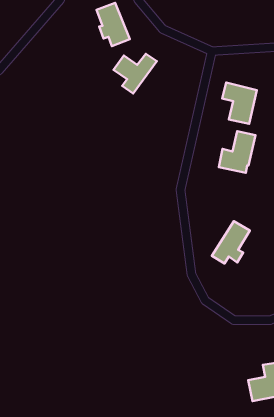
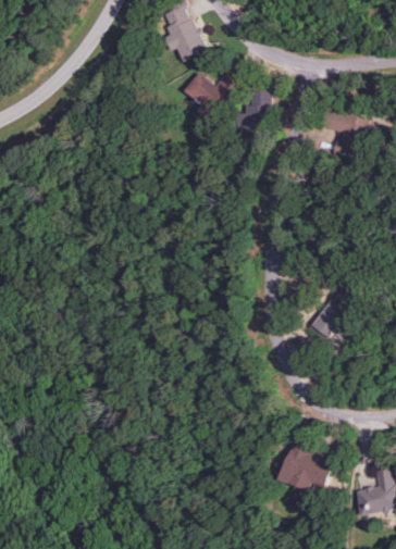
building: none -> [236,89,268,130]
building: [219,131,255,173] -> none
building: none -> [279,432,332,492]

